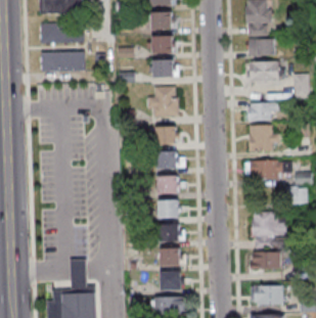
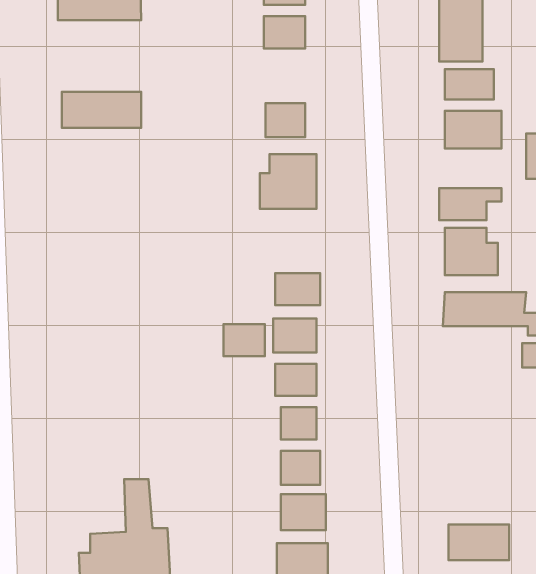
building: [40,24,83,43] -> none
building: [149,35,172,53] -> none
building: [154,126,177,143] -> [223,324,265,356]
building: [251,212,283,239] -> none
building: [250,253,279,270] -> none

